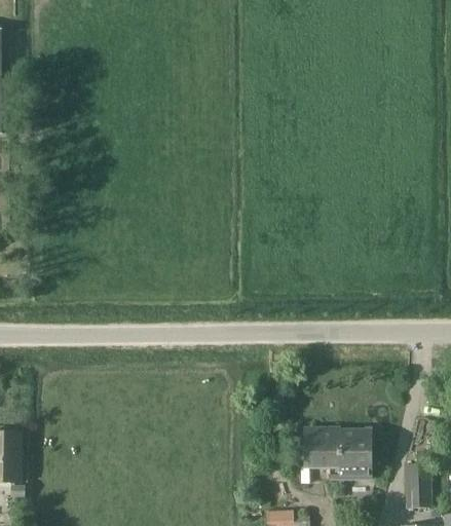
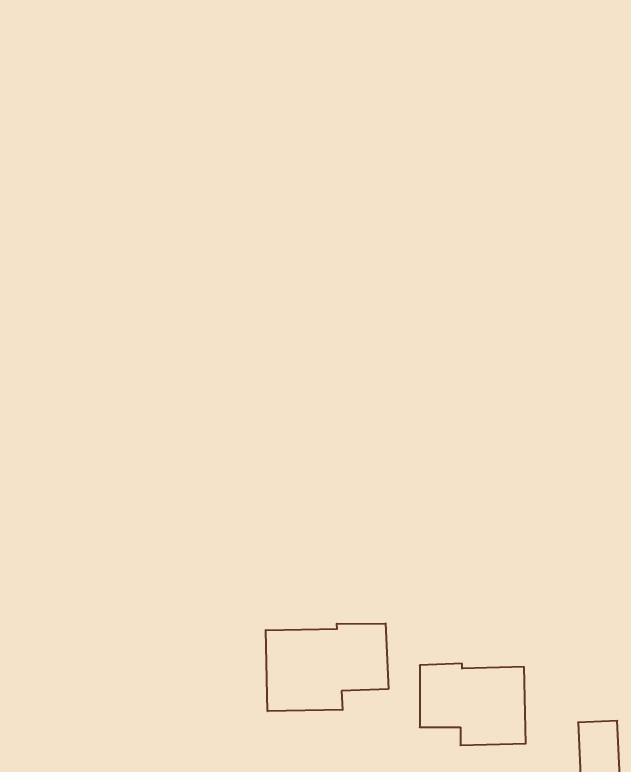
building: none -> [266,623,388,711]

